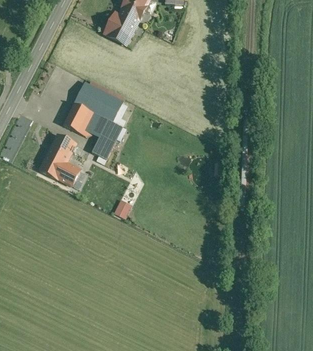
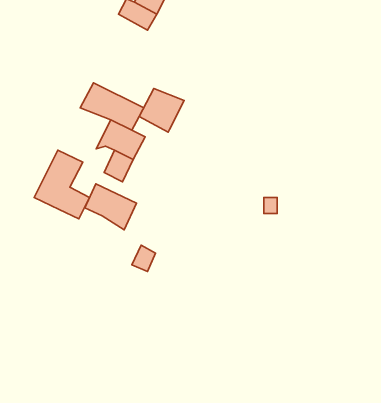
building: [64,98,98,131] -> [139,89,184,132]
building: none -> [85,184,136,230]

